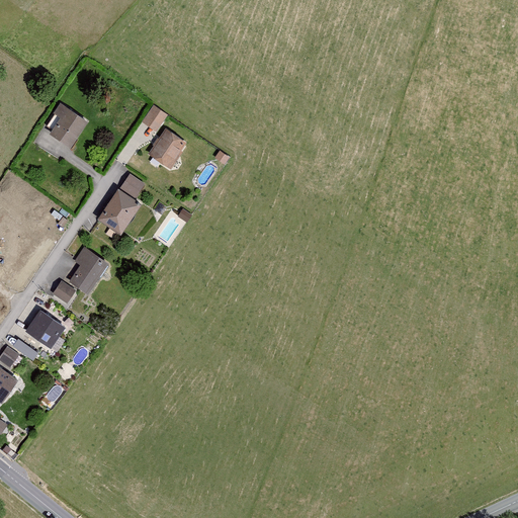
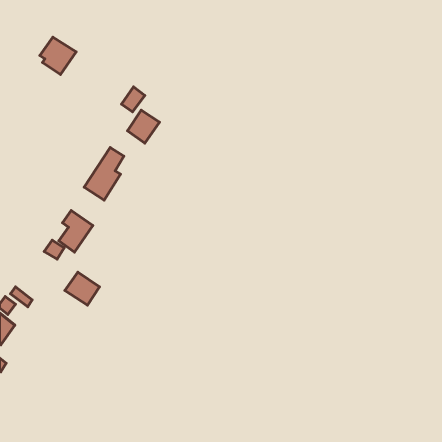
building: [46,104,88,148] -> [40,37,76,74]
building: [24,310,65,348] -> [65,272,100,305]

